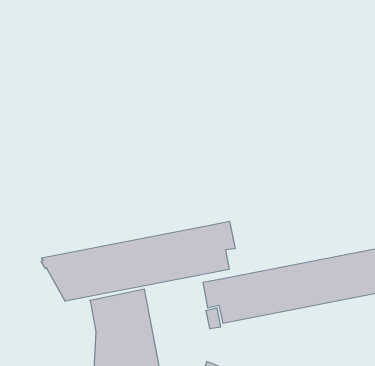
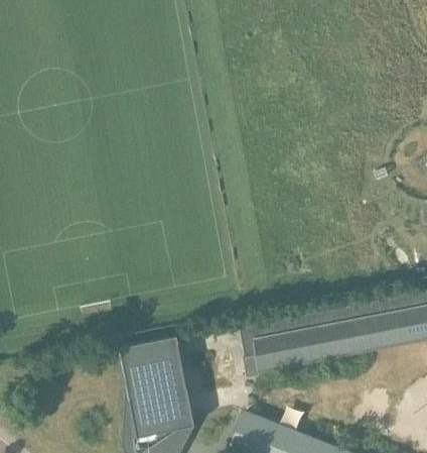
building: [41,221,235,301] -> none

